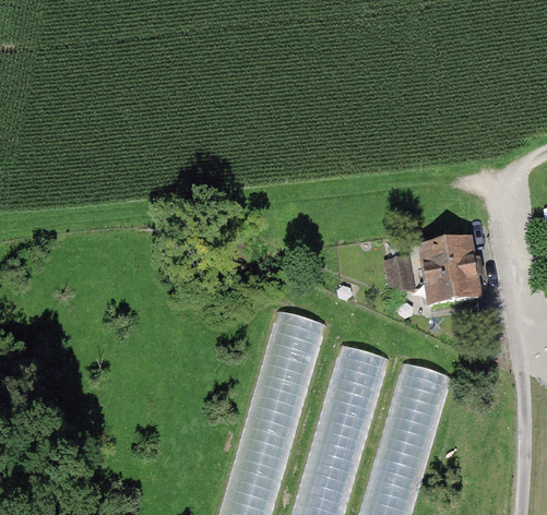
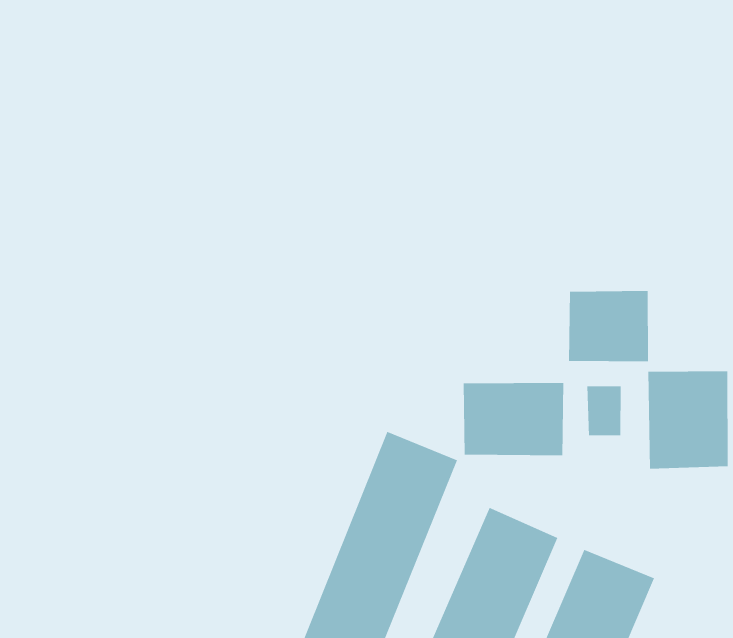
building: none -> [568,290,649,362]
building: none -> [463,382,564,456]

